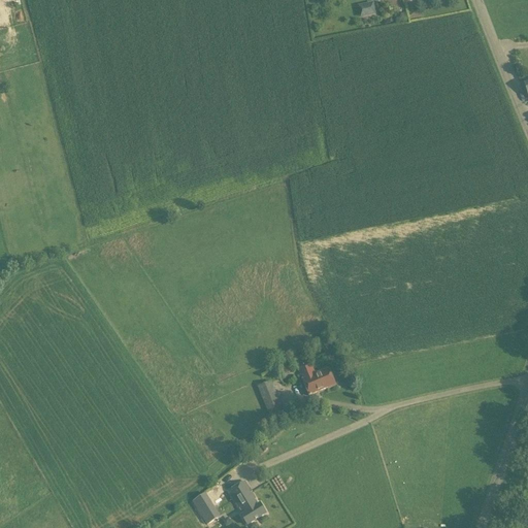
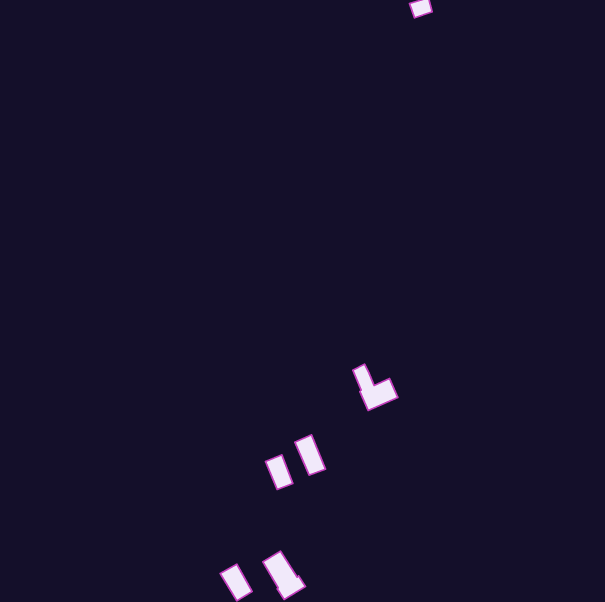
building: [296,354,335,394] -> [353,364,398,410]
building: none -> [265,455,293,489]

